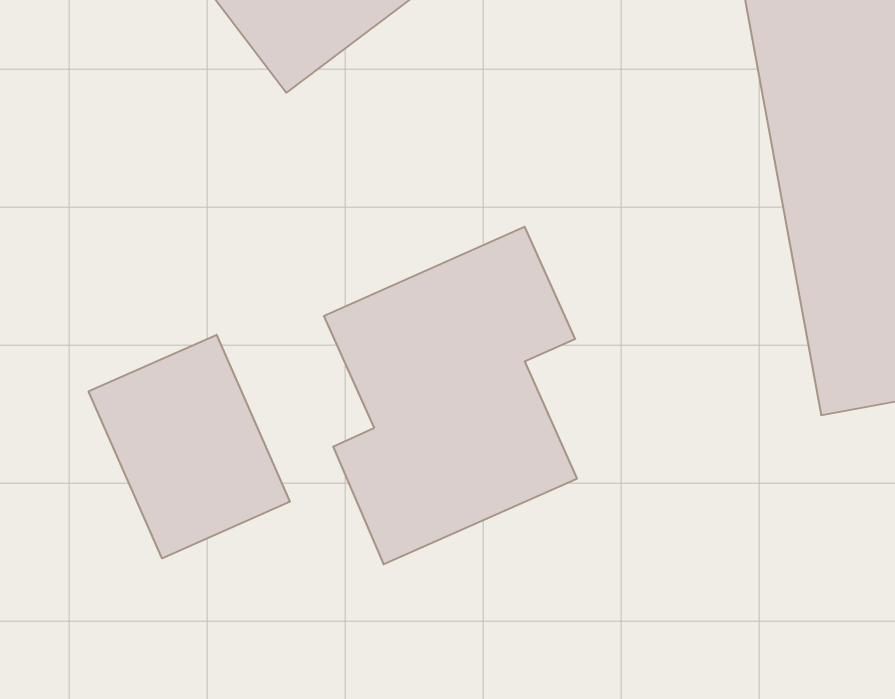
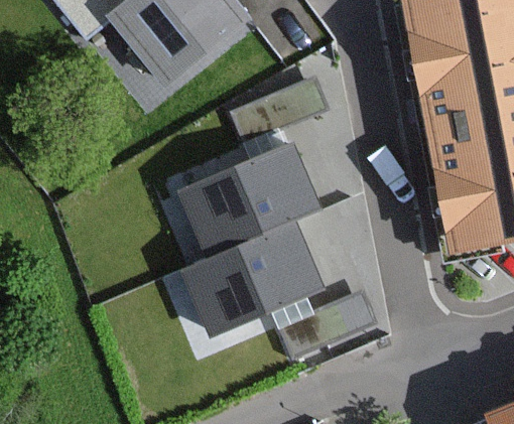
building: [89,335,290,558] -> none

